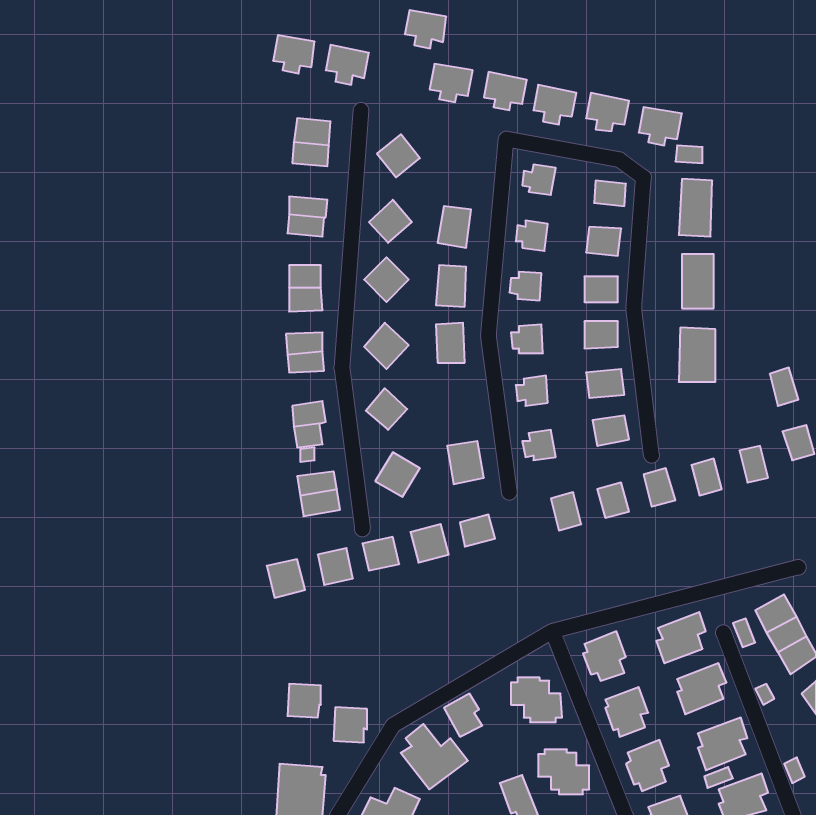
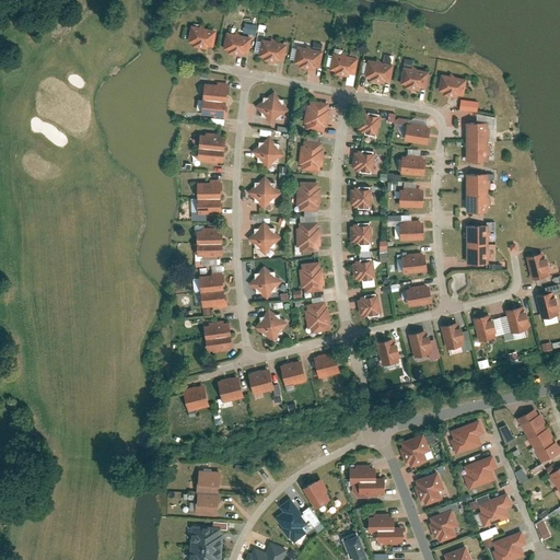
building: [405,10,446,48] -> [260,39,289,66]
building: none -> [306,103,329,130]
building: none -> [302,262,323,292]
building: [334,707,367,742] -> [196,491,219,515]

